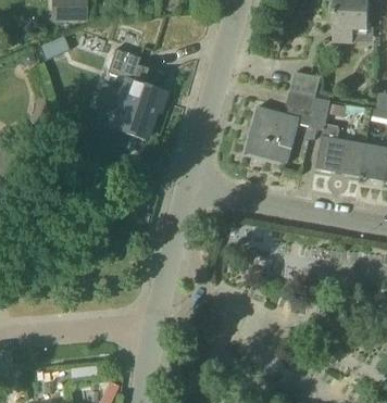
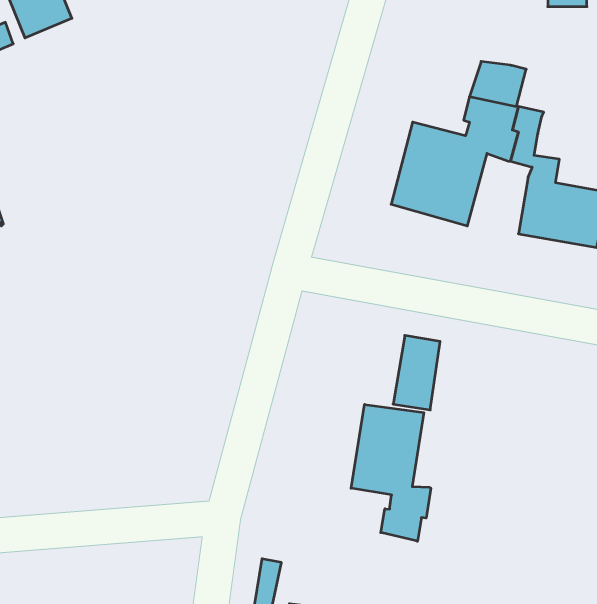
building: [105,49,162,140] -> none
building: none -> [351,404,431,541]

